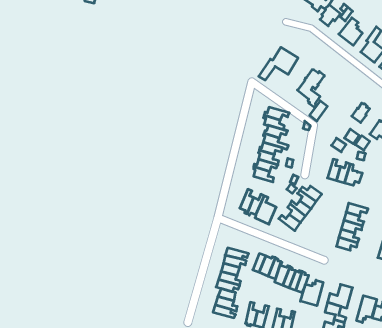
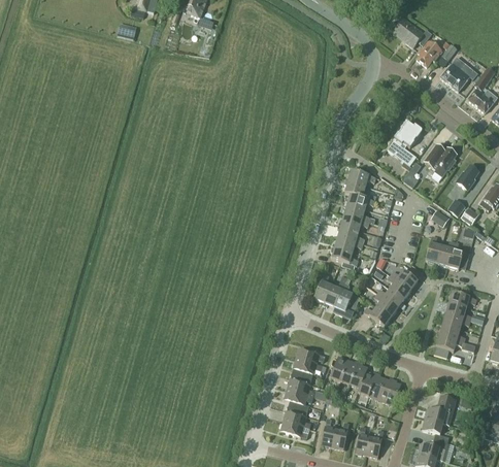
building: [259,47,298,80] -> none
building: none -> [425,143,457,176]
building: [300,280,323,306] -> none
building: [357,296,377,323] -> none

